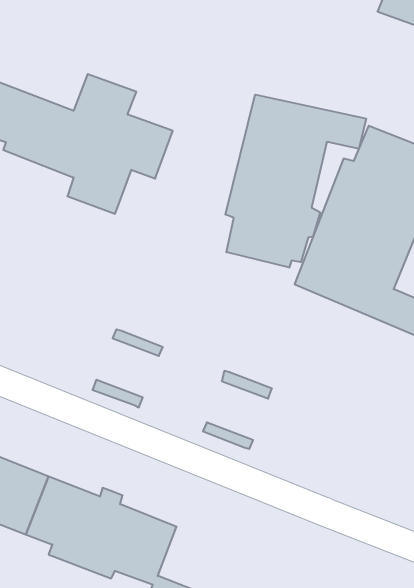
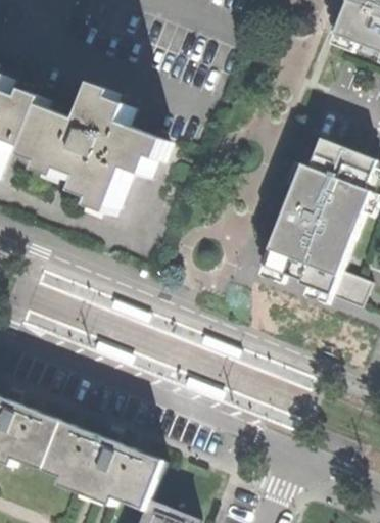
building: [225,95,366,268] -> none

